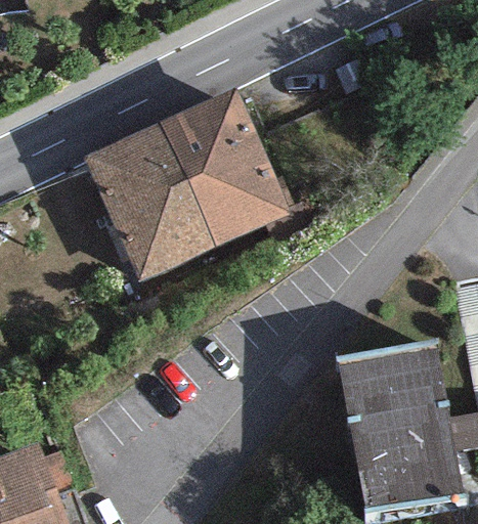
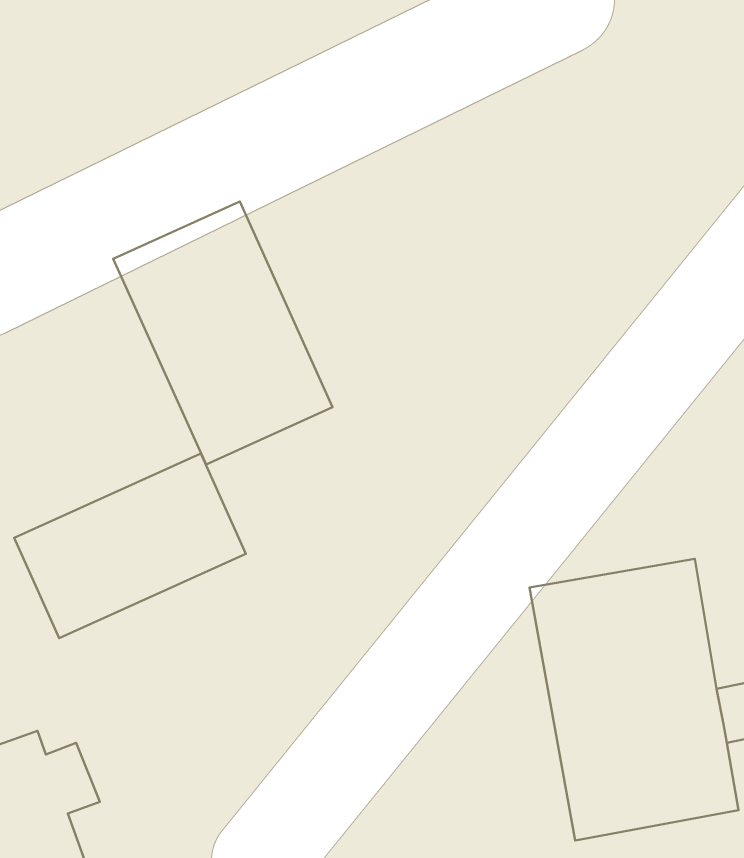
building: [160,89,287,248] -> none
building: none -> [14,453,246,638]

